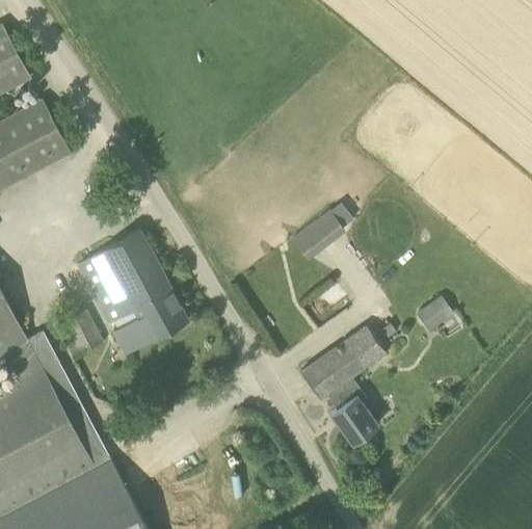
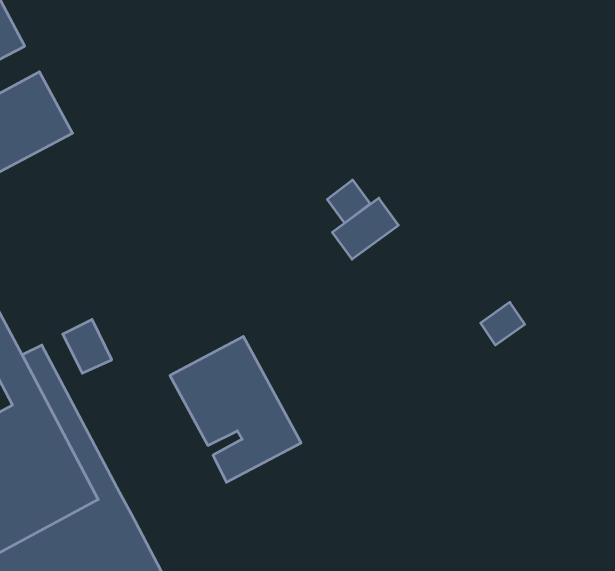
building: none -> [327,180,370,223]
building: [77,232,188,355] -> [170,336,301,482]
building: [300,328,384,445] -> none

